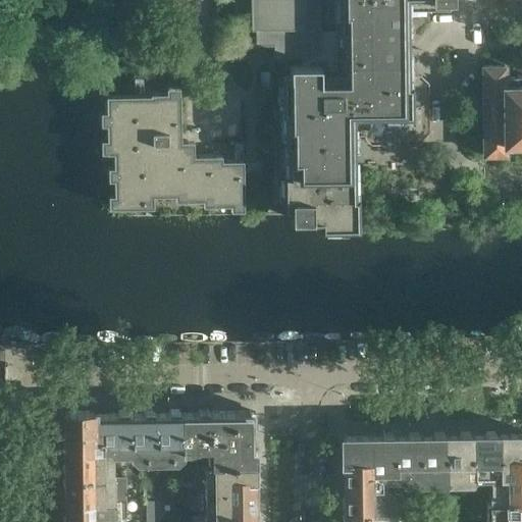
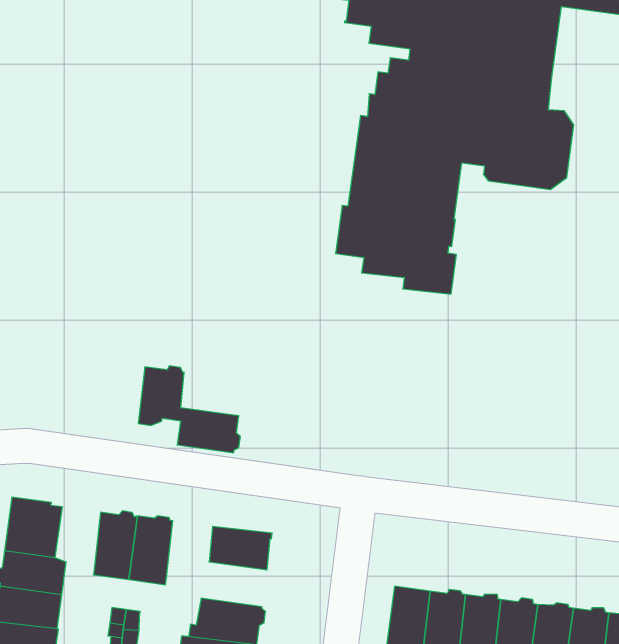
building: [108,97,246,212] -> none
building: [184,414,258,469] -> [138,366,240,453]
building: [104,415,133,457] -> none

